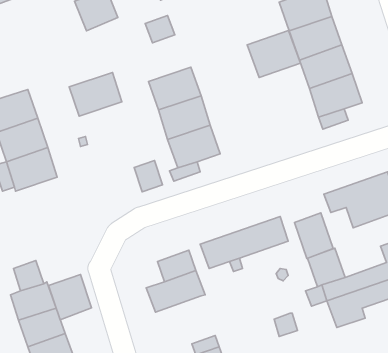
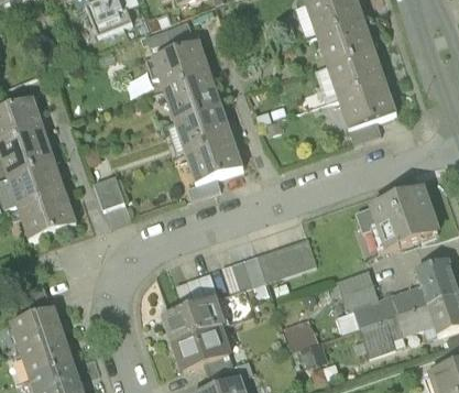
building: [247,31,300,77] -> none
building: [69,72,122,116] -> [153,43,210,90]
building: [134,160,162,192] -> [94,175,124,209]
building: none -> [20,194,76,240]
building: [295,213,333,259] -> none
building: [48,275,92,320] -> none
building: none -> [283,317,318,350]
building: none -> [172,323,231,369]

